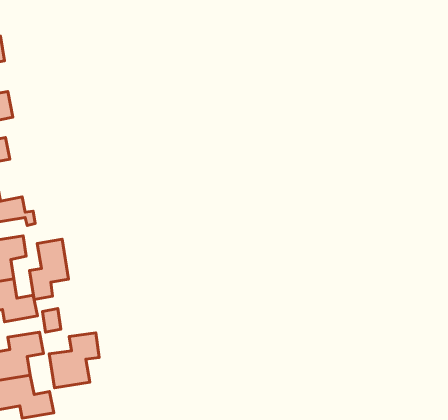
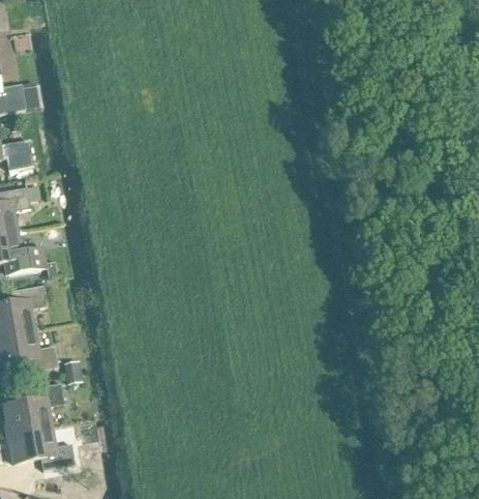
building: [29,239,69,299] -> none
building: [49,333,99,388] -> none

